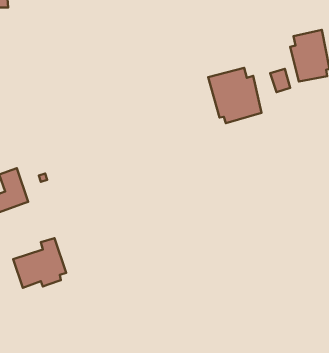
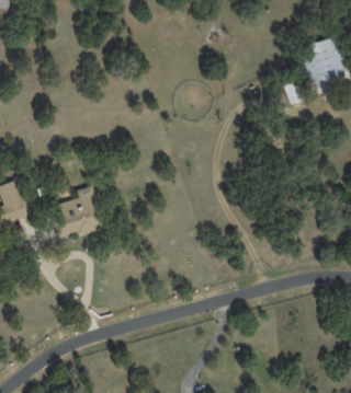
building: [208,68,261,123] -> none
building: [13,238,66,288] -> [53,184,107,235]

